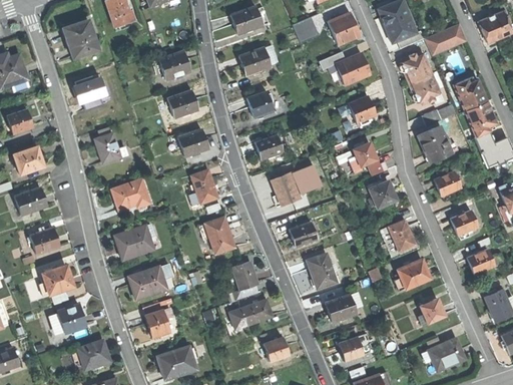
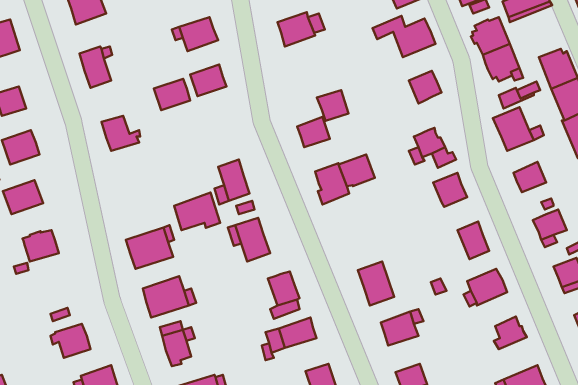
building: [248,91,275,116] -> [317,90,348,121]
building: [178,129,208,155] -> [154,79,190,110]
building: [112,177,150,209] -> [174,193,220,230]
building: [289,221,318,247] -> none
building: [39,264,73,295] -> none

